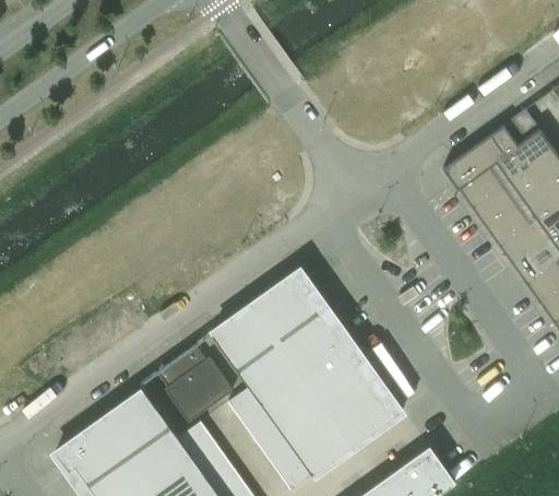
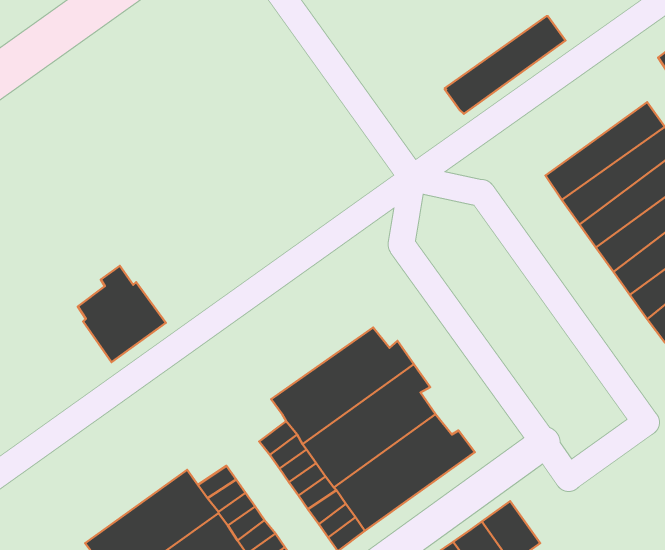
building: [443,109,540,188] -> [445,16,566,114]
building: [213,270,320,368] -> none
building: [162,344,233,422] -> [78,266,166,362]
building: [57,389,170,484] -> none

